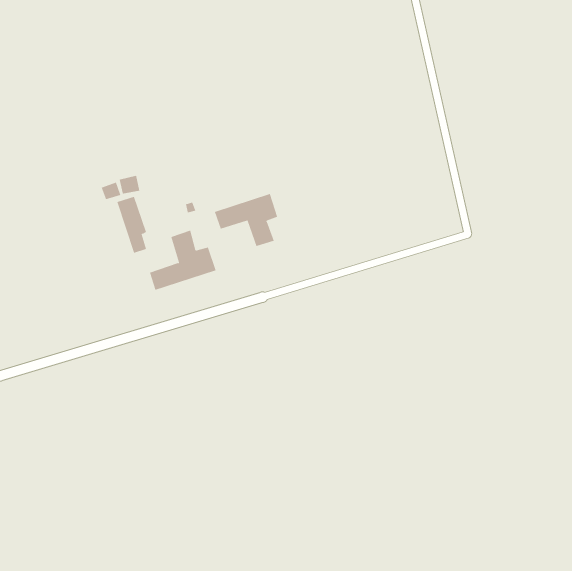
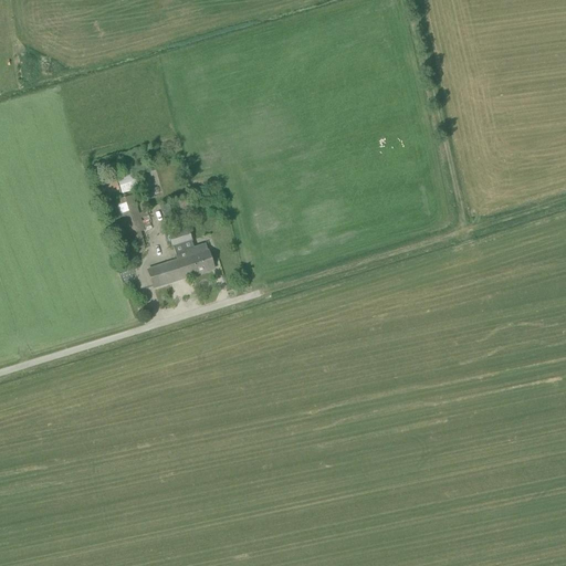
building: [214,193,278,247] -> none

